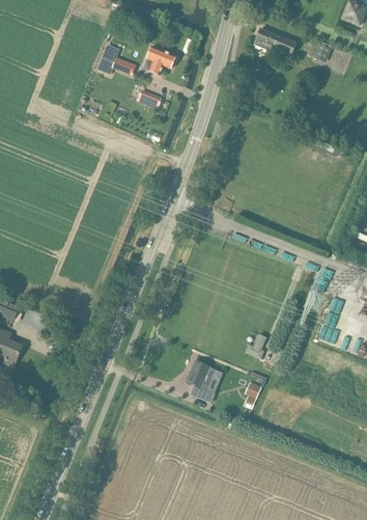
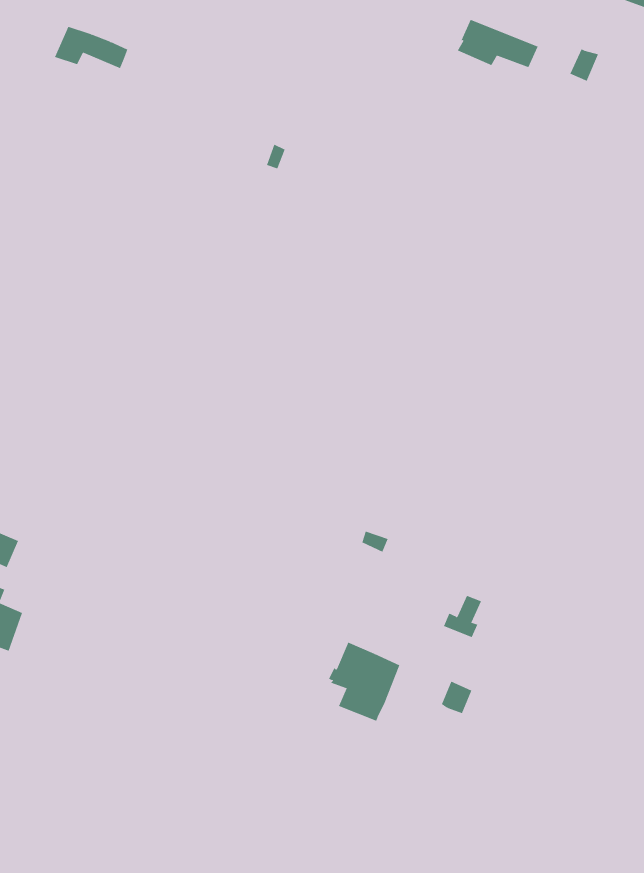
building: [142,46,175,74] -> none
building: [96,52,136,75] -> [54,26,128,69]

